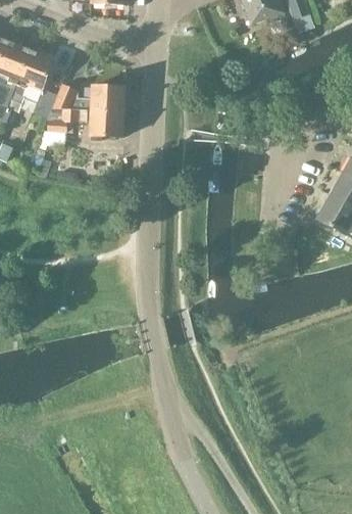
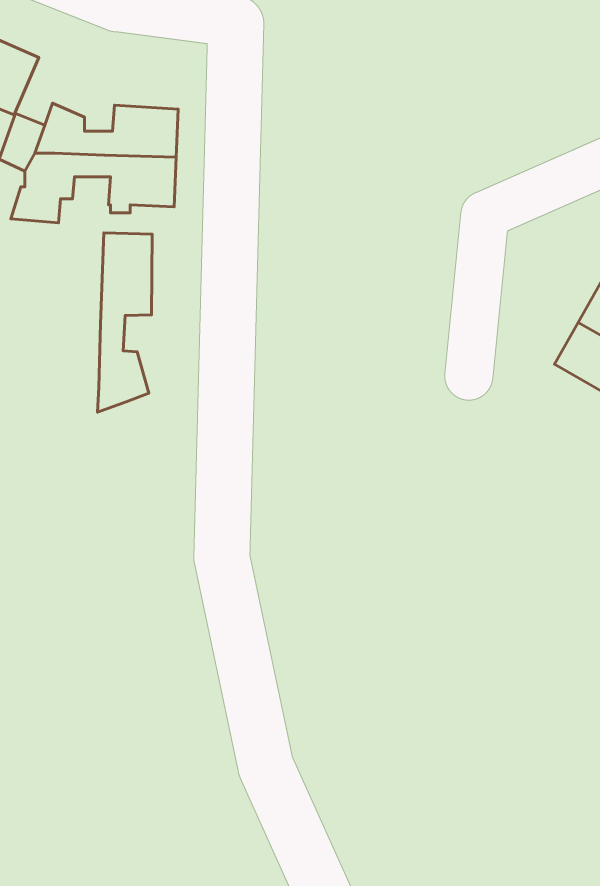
building: none -> [97,233,152,412]

